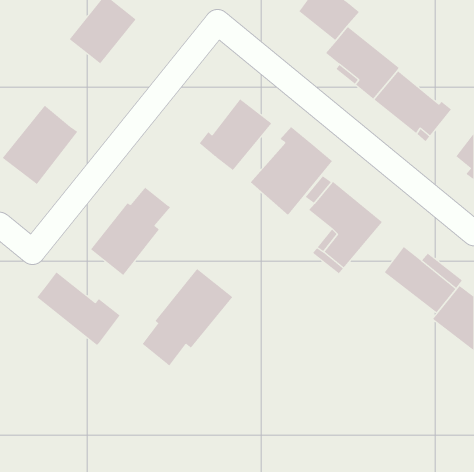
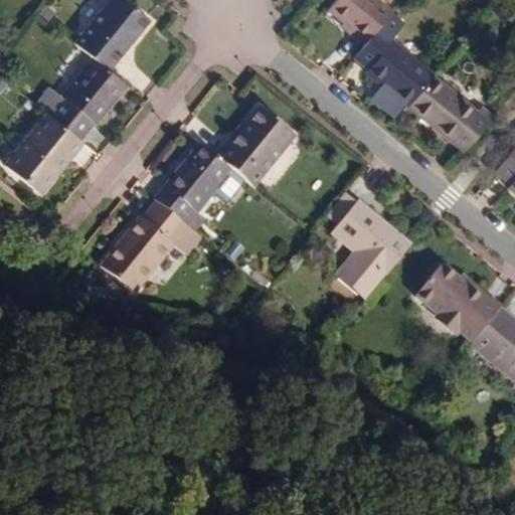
building: none -> [48,58,130,137]
building: [250,126,333,216] -> none
building: none -> [154,143,233,222]
building: [142,268,233,367] -> none
building: [36,271,120,346] -> none

